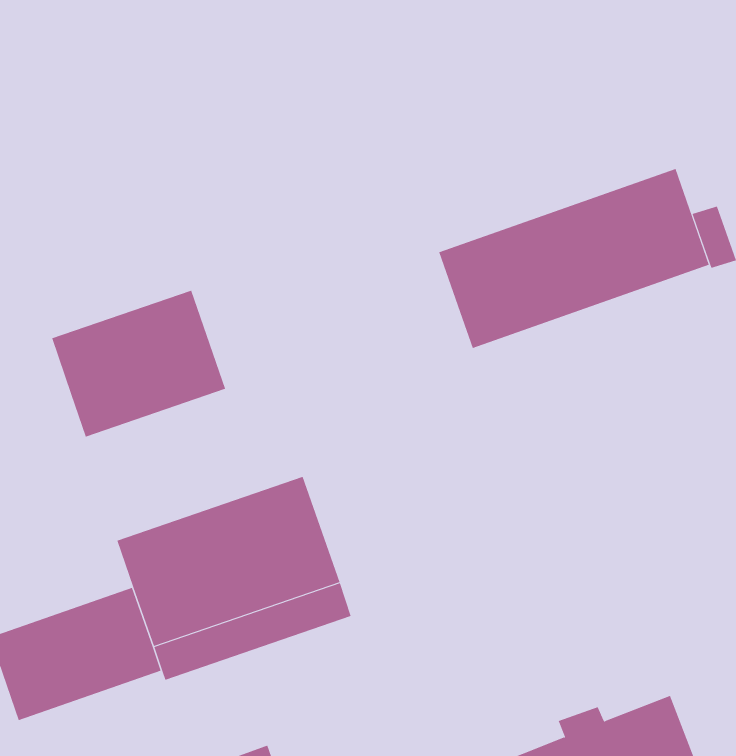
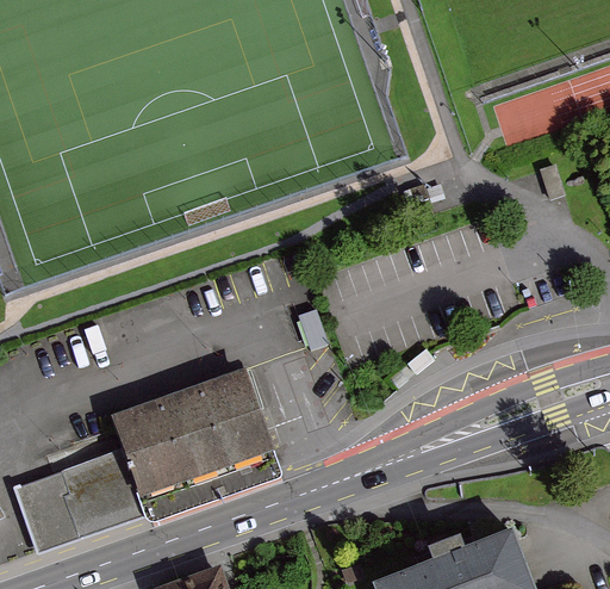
building: [439,168,709,349] -> none
building: [51,290,226,437] -> none

